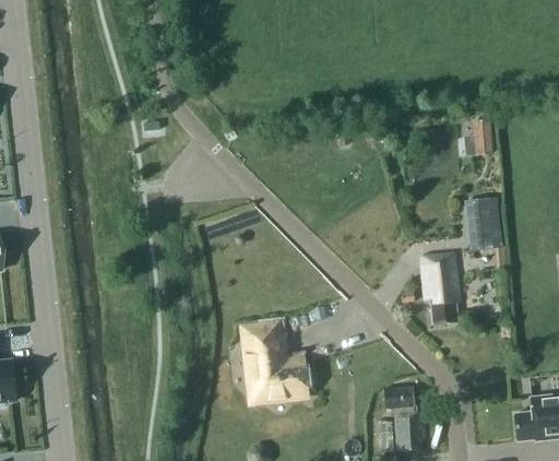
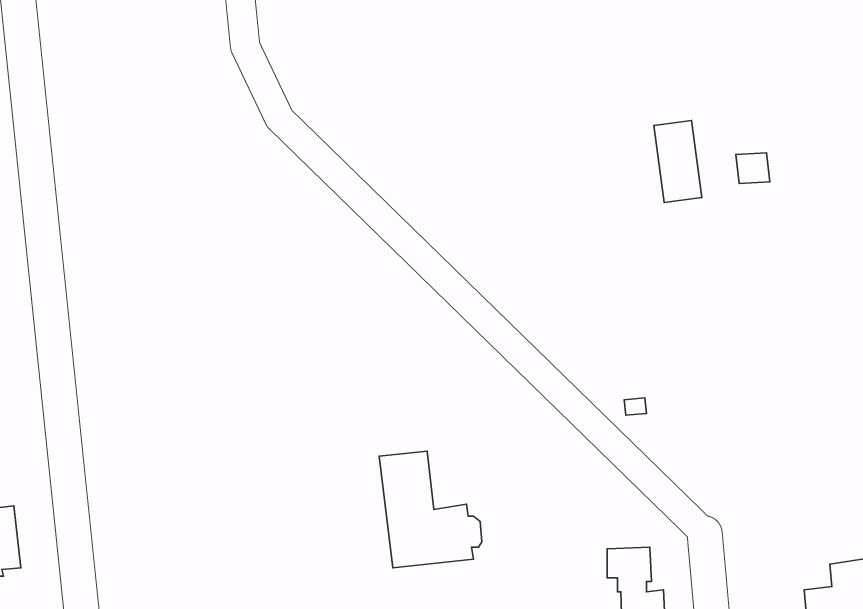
building: [467,198,498,250] -> [654,120,702,203]
building: [423,253,460,322] -> none

